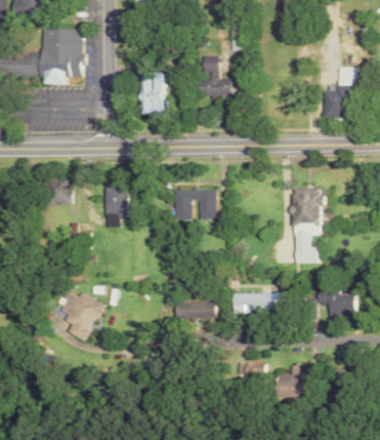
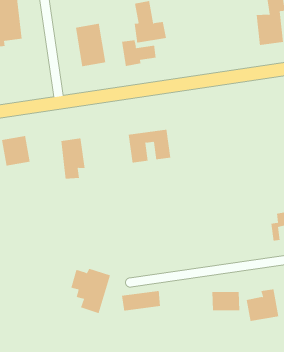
building: none -> [121,39,156,67]
building: [293,189,322,264] -> none
building: [61,292,104,342] -> [70,268,111,314]
building: [234,293,284,313] -> none
building: [179,303,219,319] -> [121,290,161,311]

